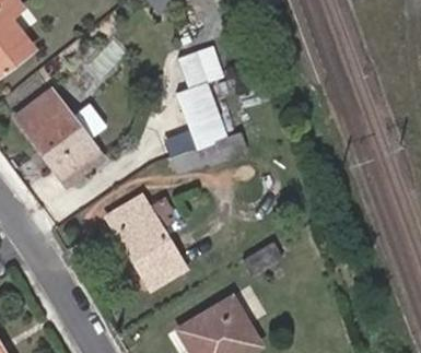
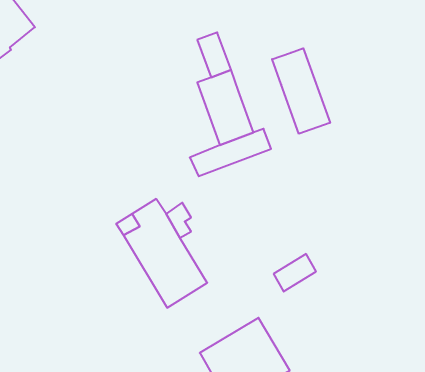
building: none -> [272,48,330,134]
building: [16,90,102,183] -> none

